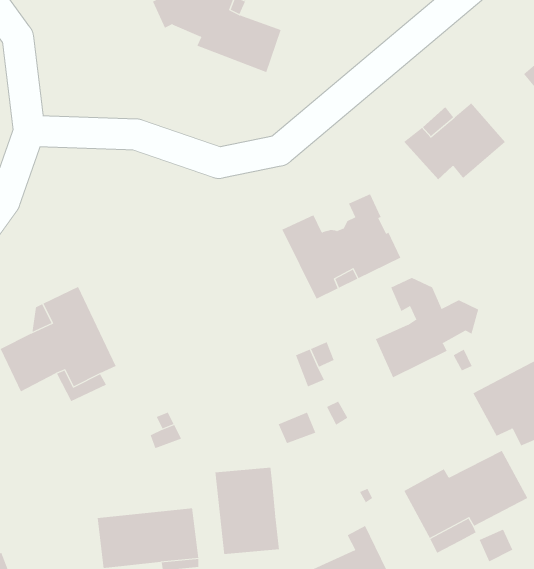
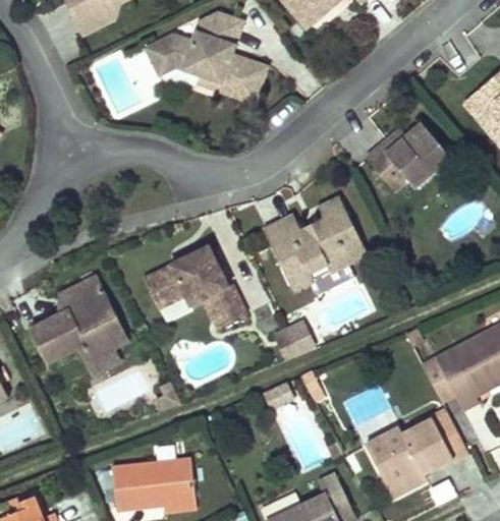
building: none -> [143,245,244,326]
building: [375,277,479,378] -> none
building: [215,467,279,555] -> none

